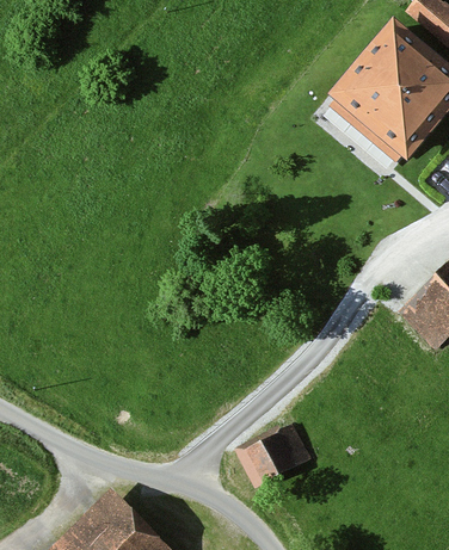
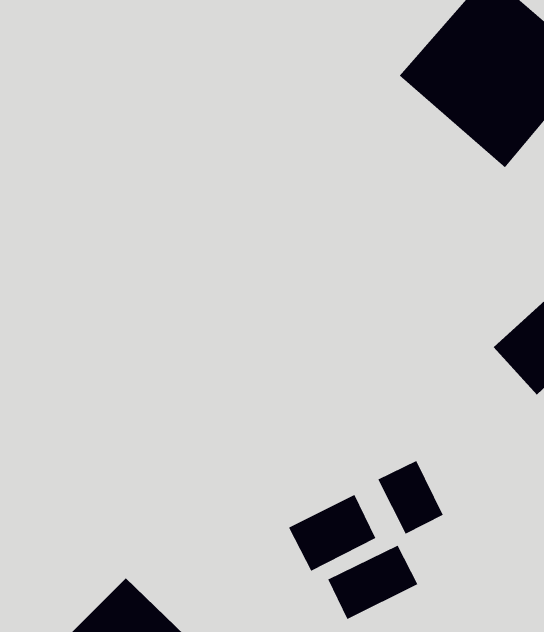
building: none -> [378,460,443,535]
building: none -> [328,545,418,620]

